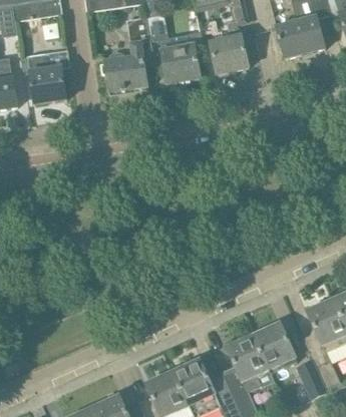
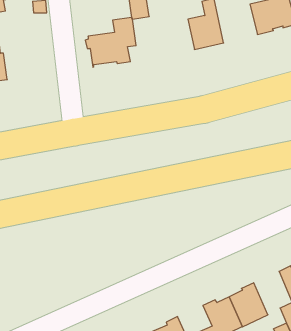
building: [159,31,202,83] -> none
building: [20,50,69,103] -> none

